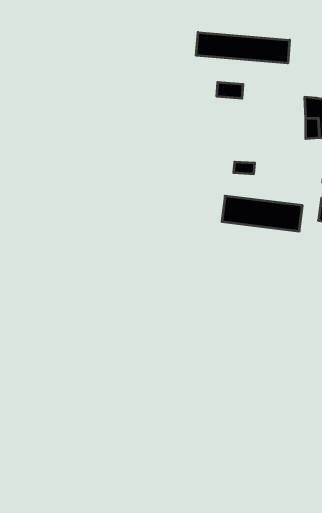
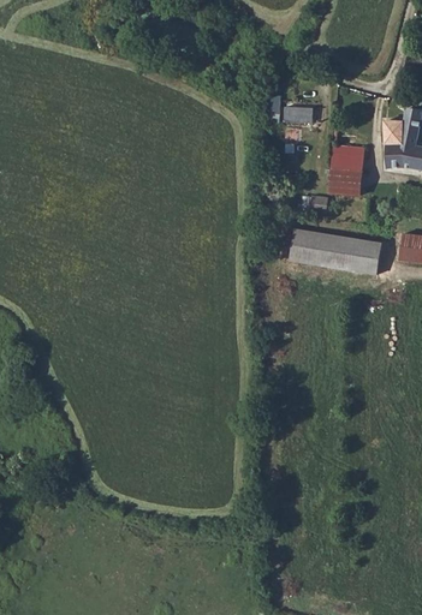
building: [196,32,290,63] -> none
building: none -> [328,145,363,195]

